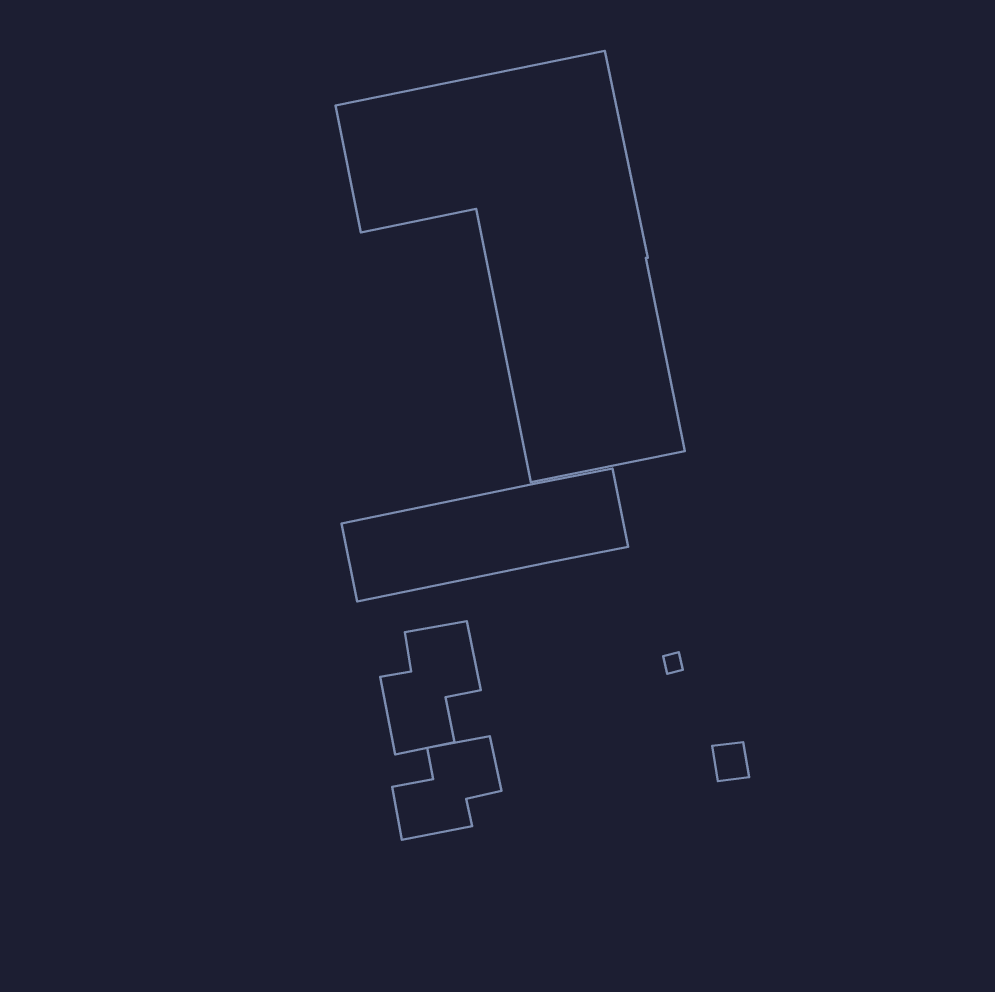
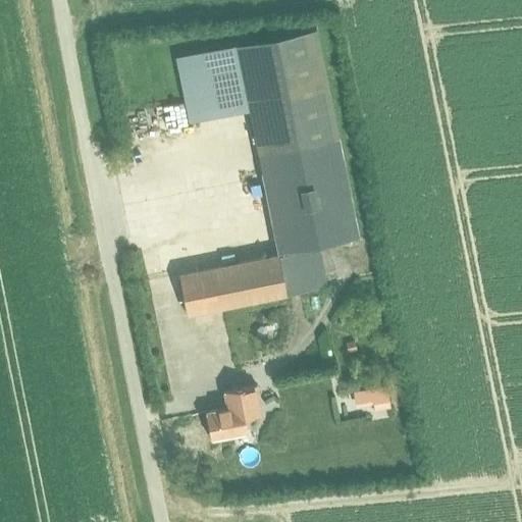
building: [380,621,481,754] -> none

